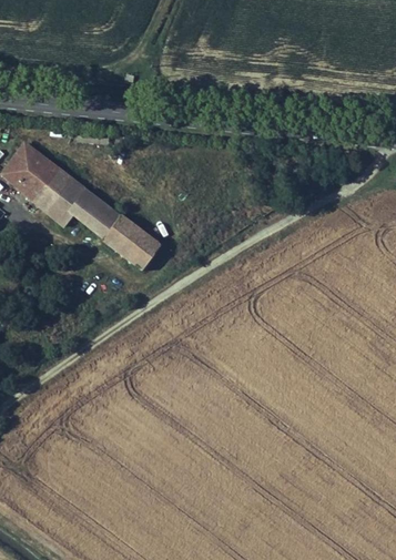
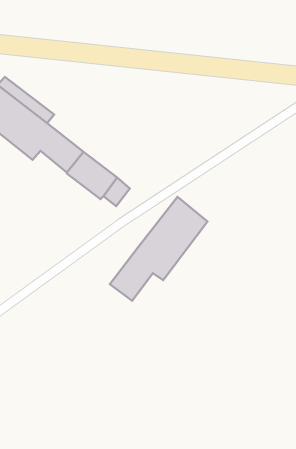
building: none -> [110,197,208,301]

